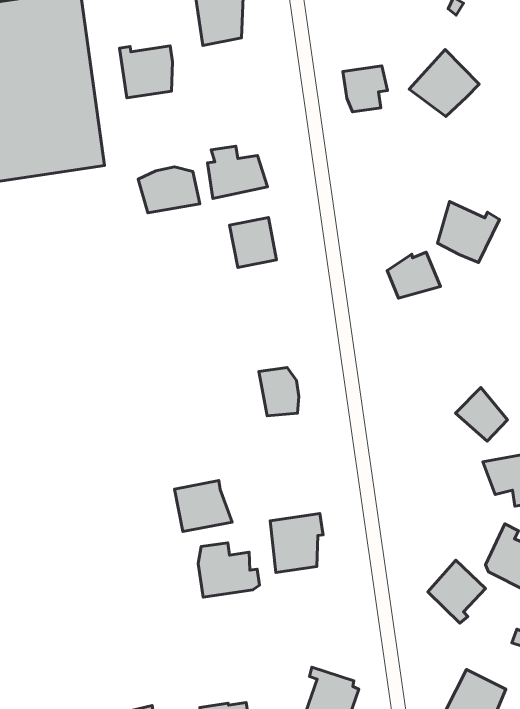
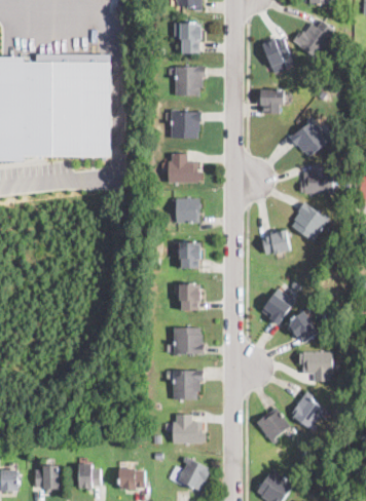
building: [120,46,172,98] -> [172,110,200,139]
building: [343,66,387,112] -> [260,90,284,114]
building: none -> [300,164,333,194]
building: [138,167,200,213] -> none
building: none -> [180,242,200,269]
building: none -> [263,295,291,325]
building: [175,481,232,531] -> [174,329,204,354]
building: [198,543,259,597] -> [173,415,206,444]

